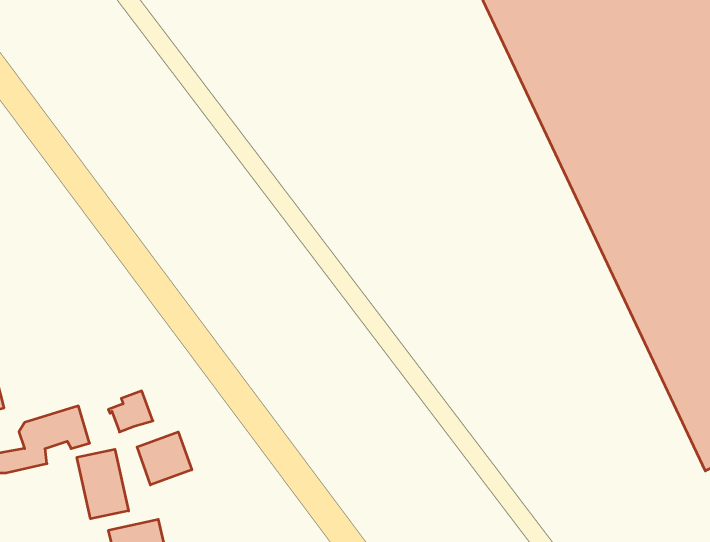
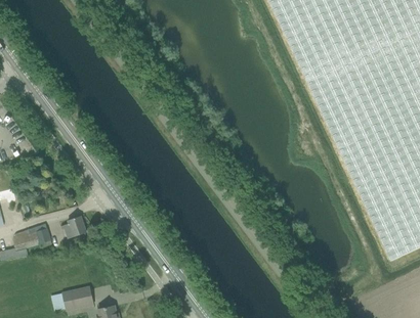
building: [137,432,192,485] -> none
building: [77,449,129,519] -> none

